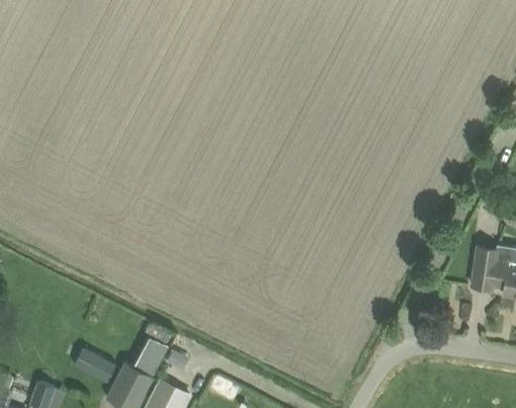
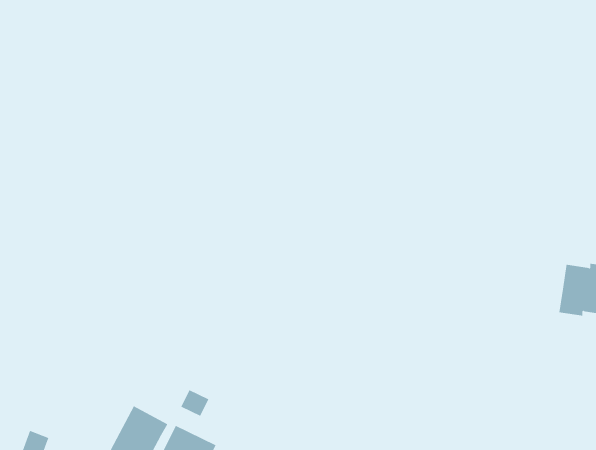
building: [131,335,165,372] -> none
building: [73,347,117,385] -> none

